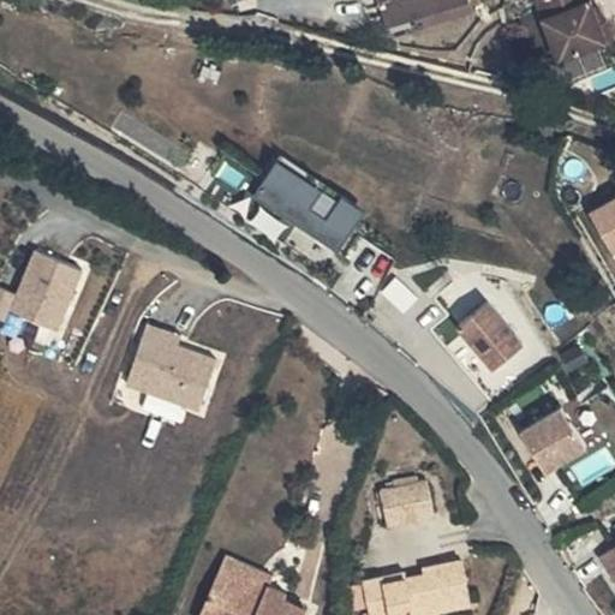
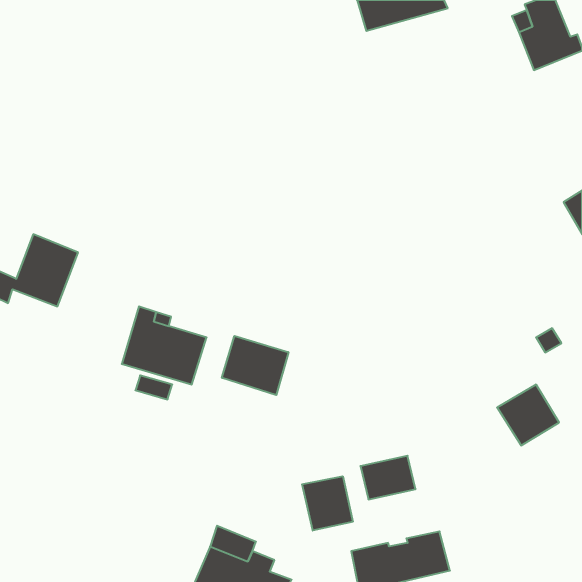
building: [256,163,363,252] -> none
building: [458,304,520,369] -> none
building: none -> [222,336,288,395]
building: none -> [302,476,353,531]

